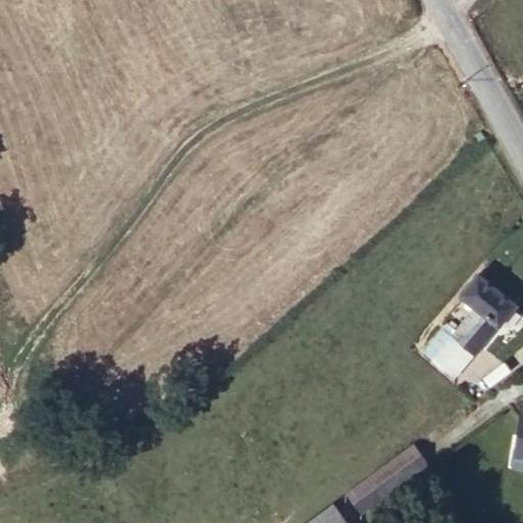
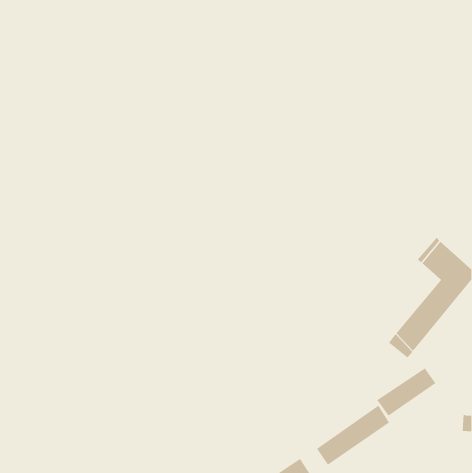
building: none -> [376,367,436,416]

